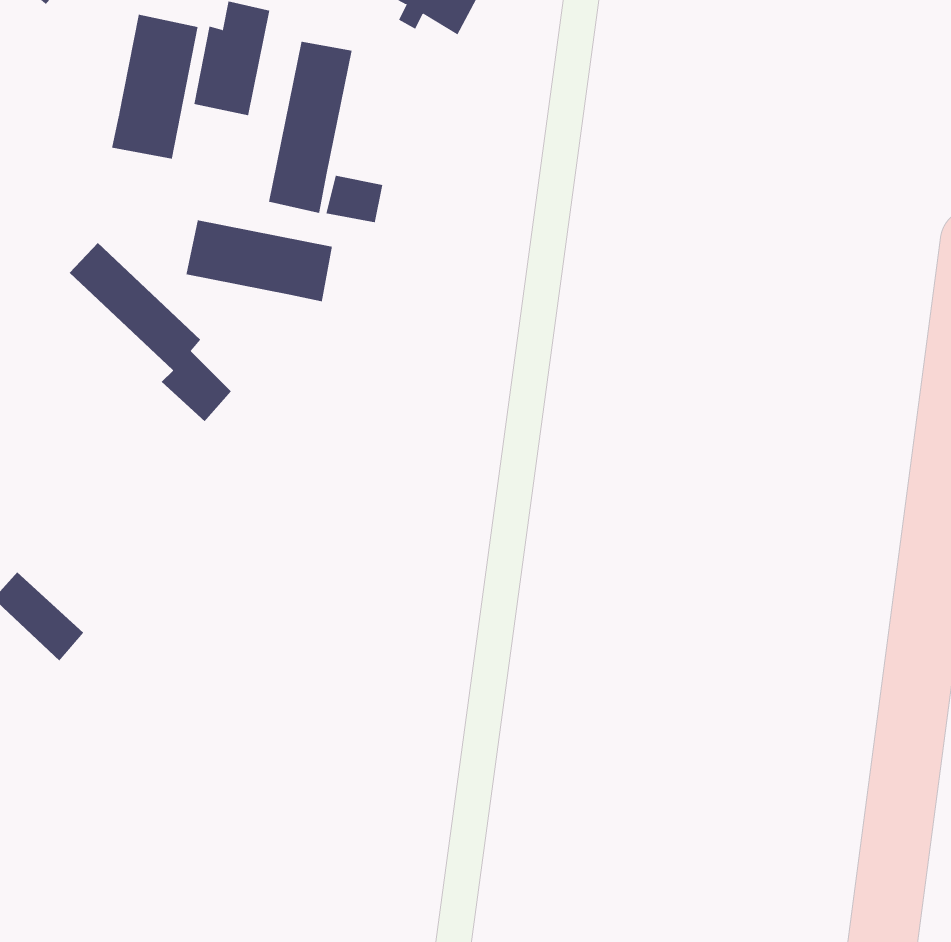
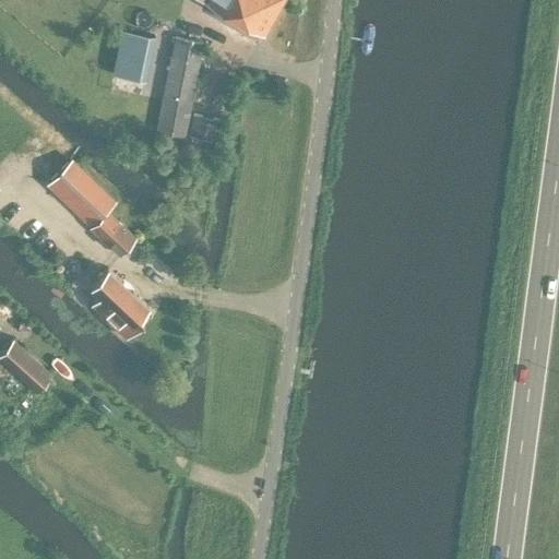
building: [112,14,198,159] -> none
building: [186,220,333,302] -> none
building: none -> [92,270,148,338]

